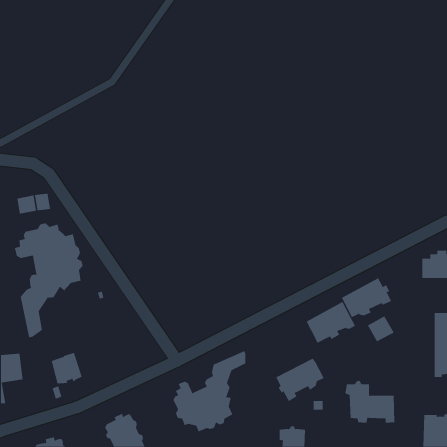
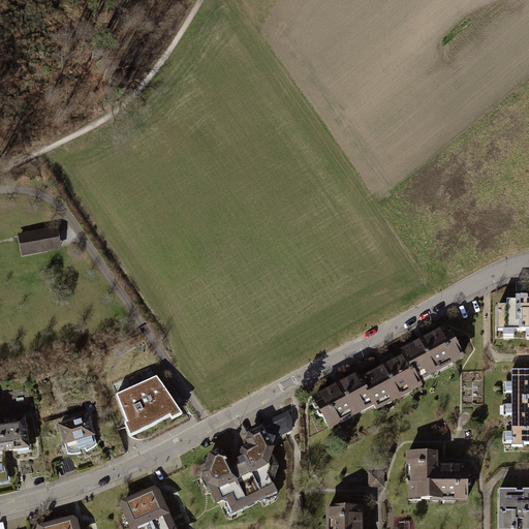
building: [14,222,83,338] -> none
building: [367,316,394,342] -> none
building: none -> [116,375,173,431]
building: [275,358,324,402] -> [314,374,372,426]

